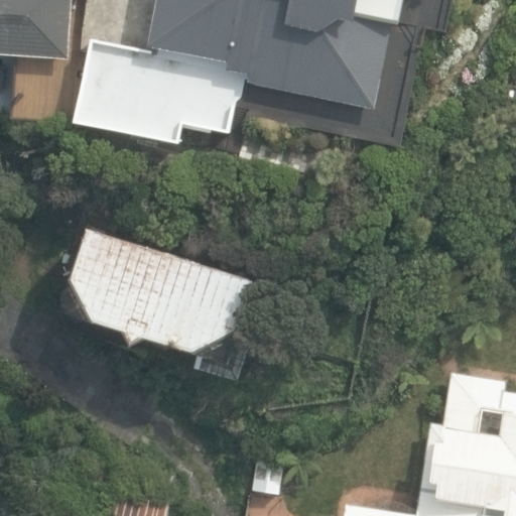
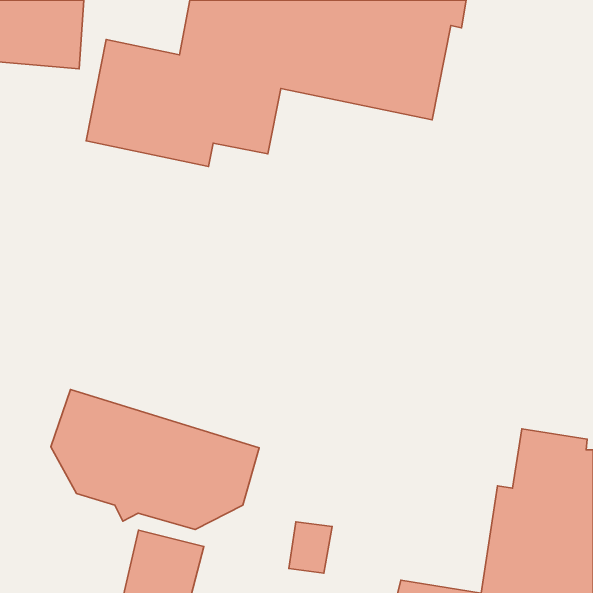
building: [73,230,253,351] -> [51,390,259,529]

